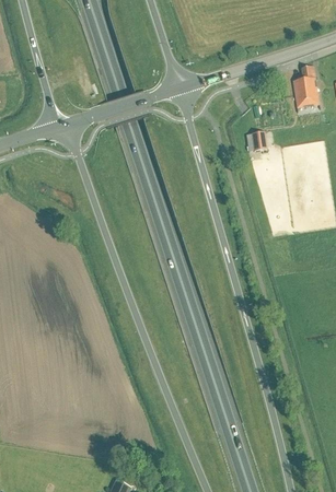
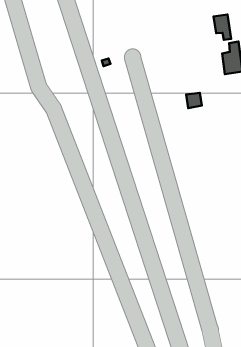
building: none -> [214,14,231,40]

